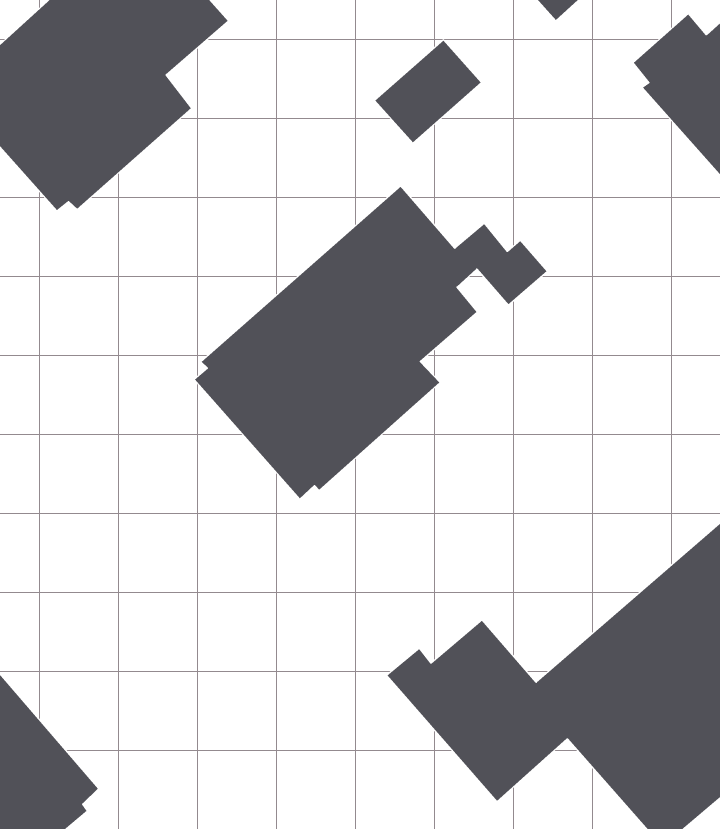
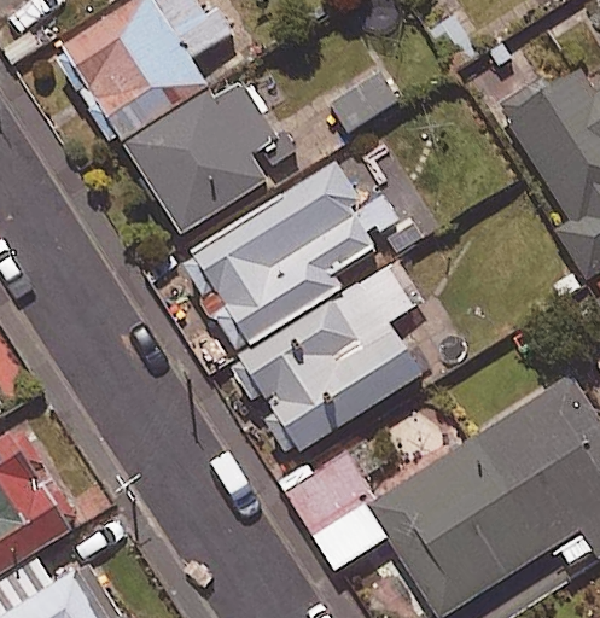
building: none -> [123,78,297,237]
building: none -> [232,256,426,455]

